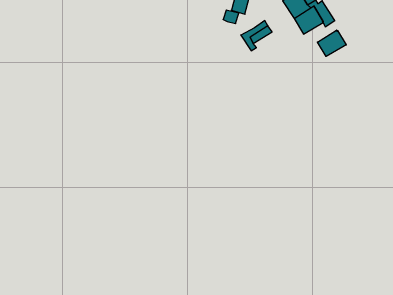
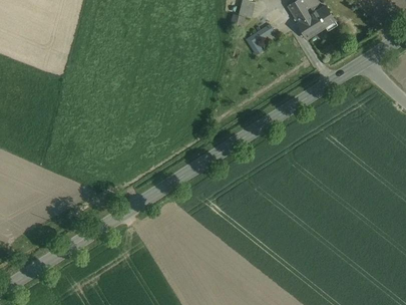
building: [317,30,346,56] -> none

